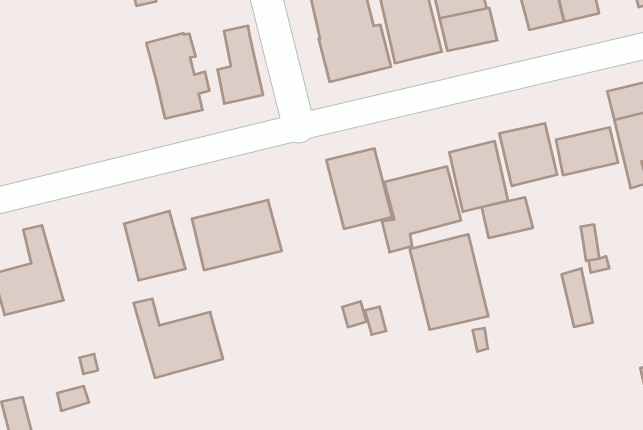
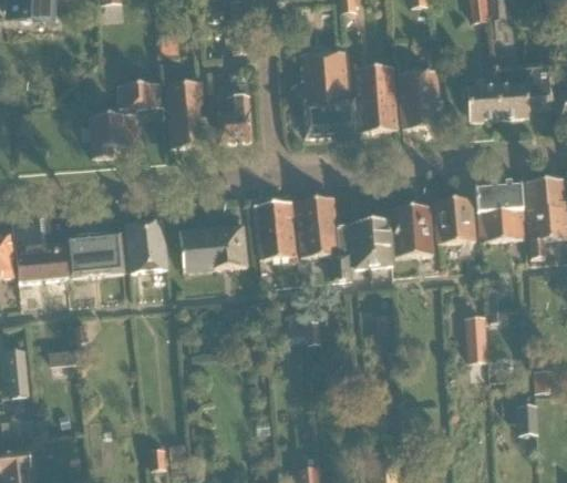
building: none -> [91,81,162,157]
building: none -> [476,181,524,212]
building: none -> [255,201,298,258]
building: [482,197,533,238] -> none
building: [410,234,488,330] -> none
building: [134,299,223,378] -> [61,215,125,278]

